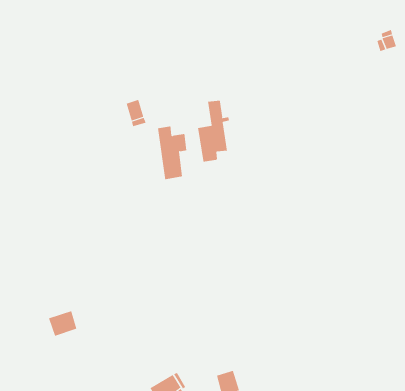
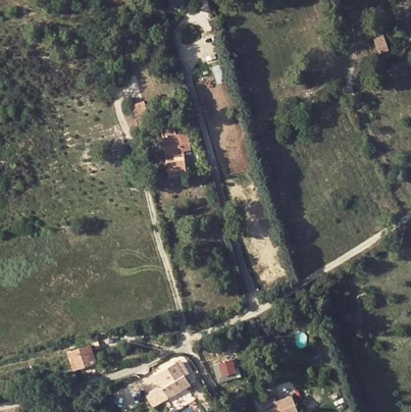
building: [198,100,230,162] -> none
building: [48,311,77,336] -> [68,345,96,369]

